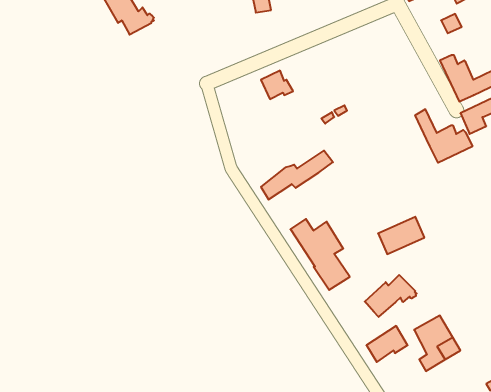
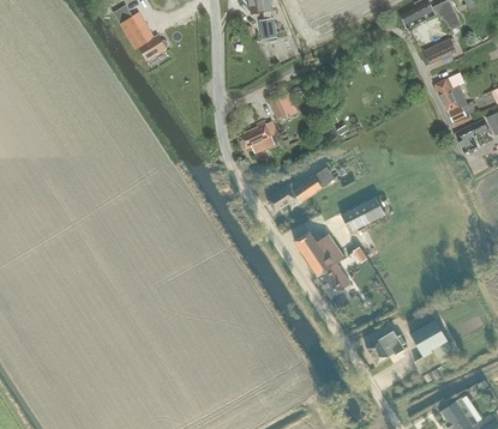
building: none -> [236,119,277,152]
building: [415,109,472,163] -> none
building: [378,217,424,254] -> [342,198,385,232]
building: [365,275,417,317] -> none

